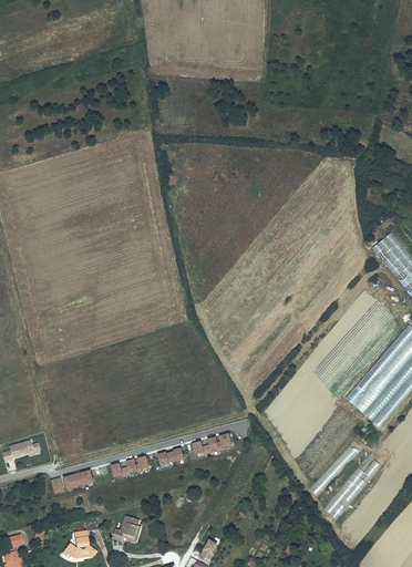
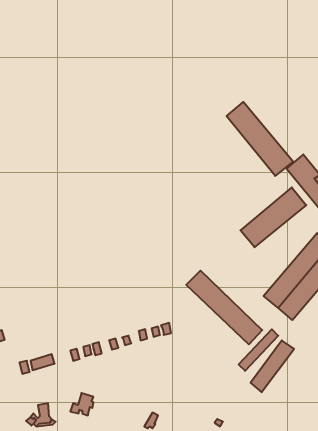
building: none -> [227,102,293,176]
building: none -> [240,187,306,247]
building: none -> [186,271,262,344]

